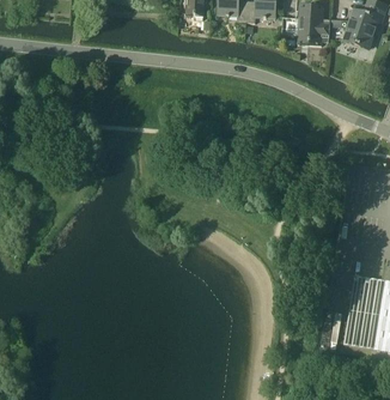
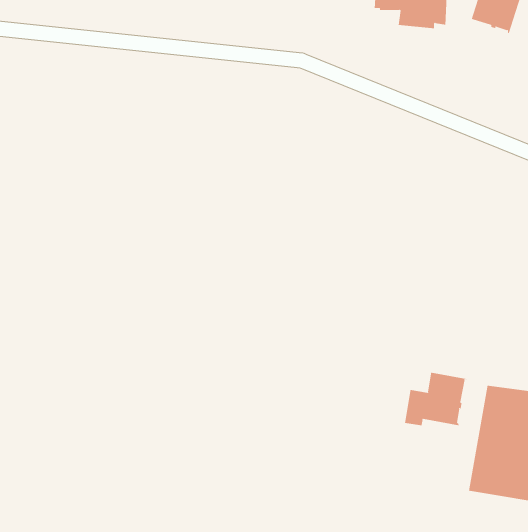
building: none -> [404,372,467,426]

